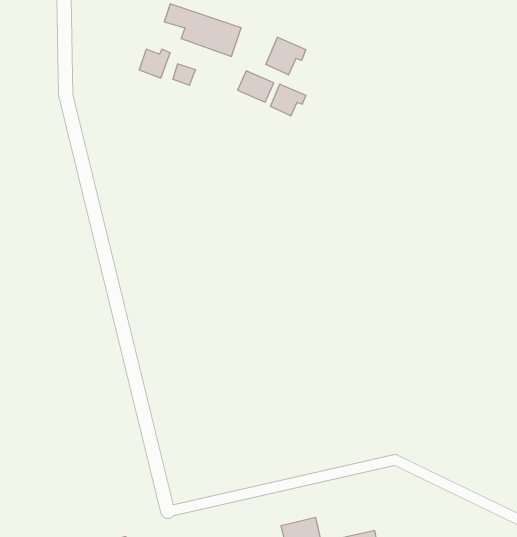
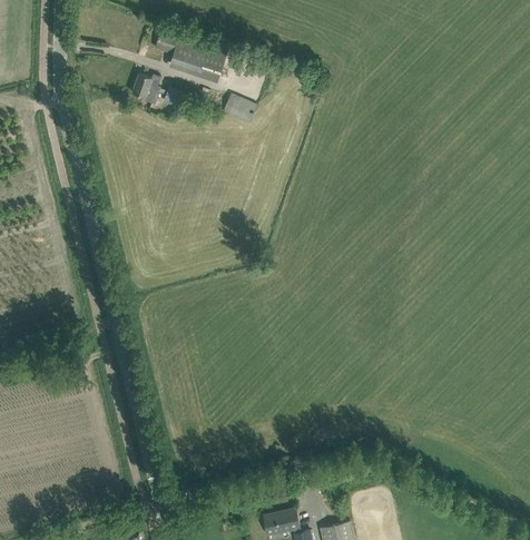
building: [266,37,306,75] -> none
building: [270,84,306,116] -> none

